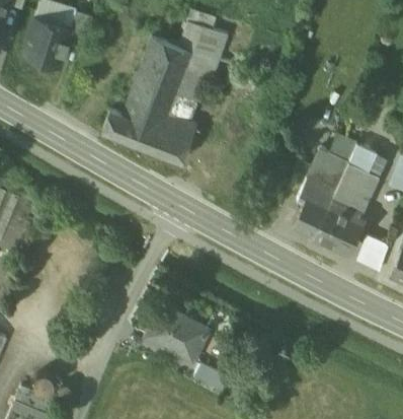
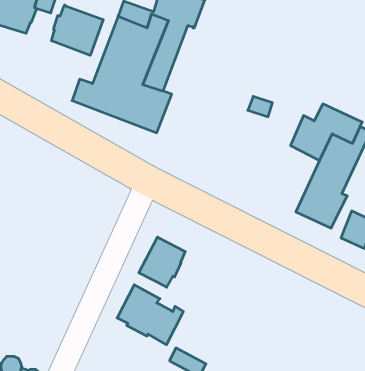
building: none -> [52,5,103,55]
building: [292,171,336,234] -> none
building: none -> [139,237,185,287]

